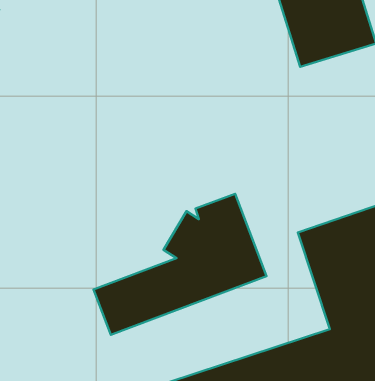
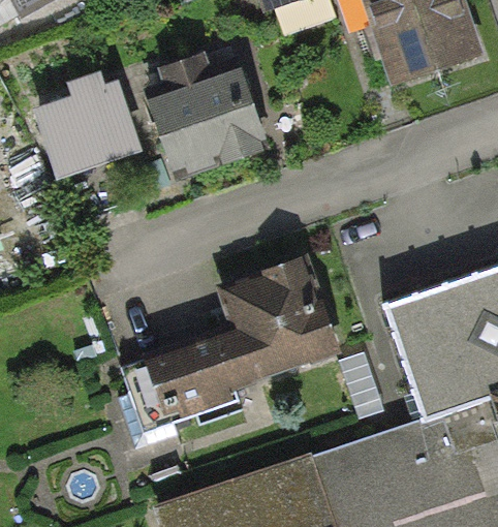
building: none -> [144,68,264,180]
building: none -> [32,73,138,175]

